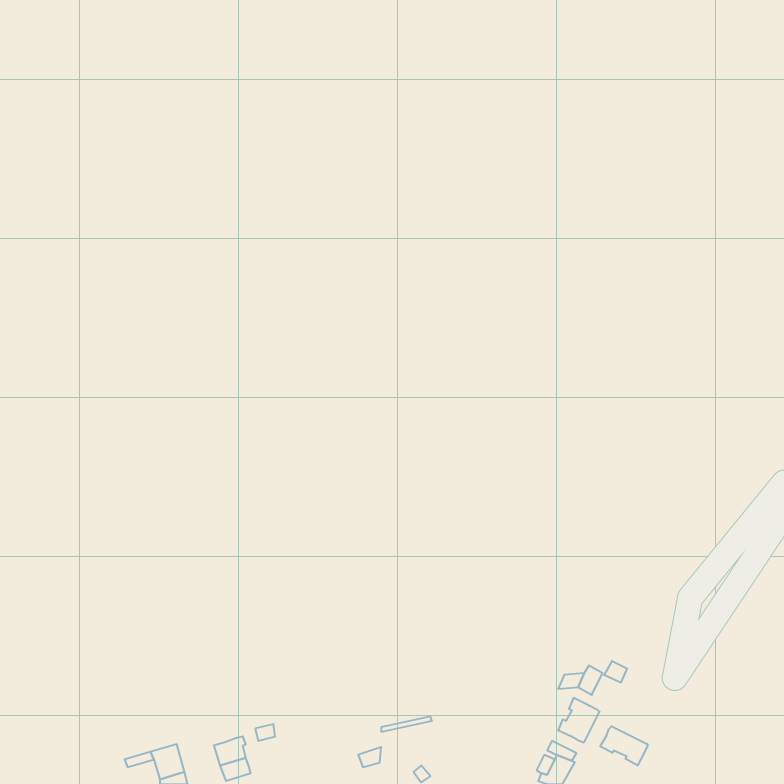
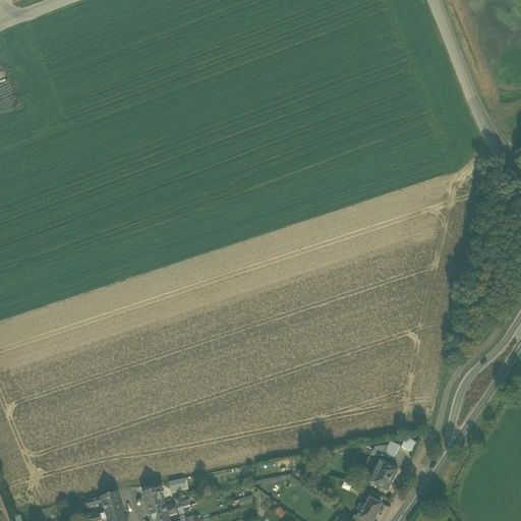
building: [600,726,647,766] -> none

